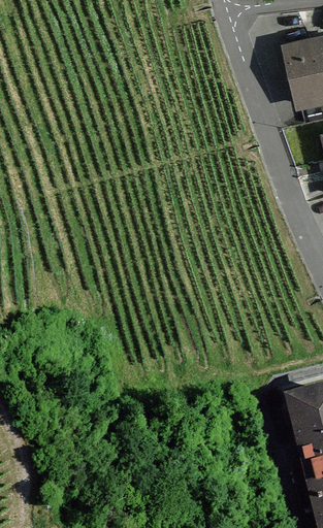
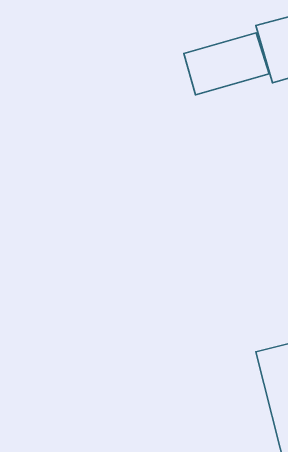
building: none -> [184,33,269,95]

